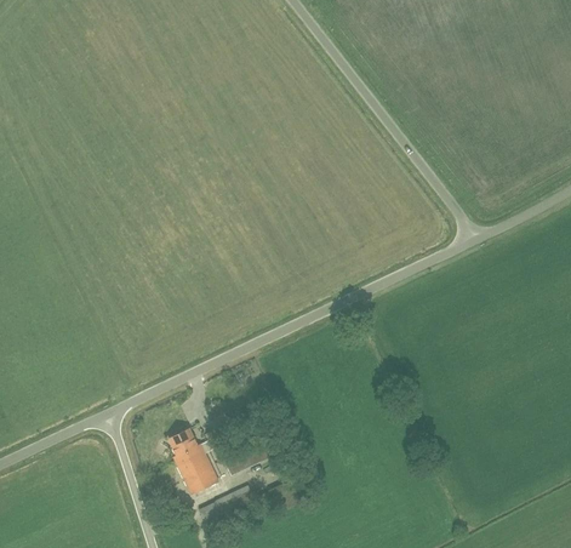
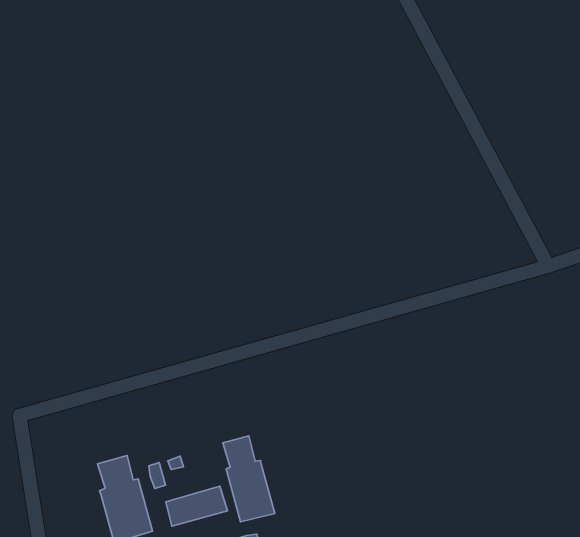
building: none -> [223,436,275,522]

